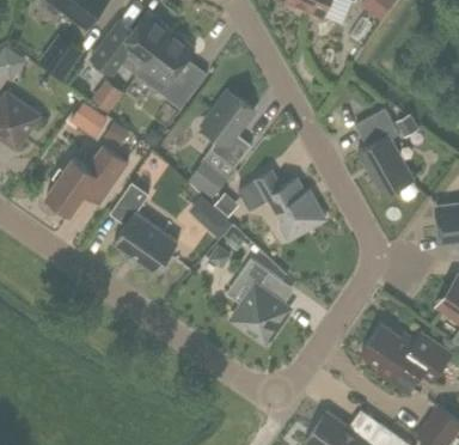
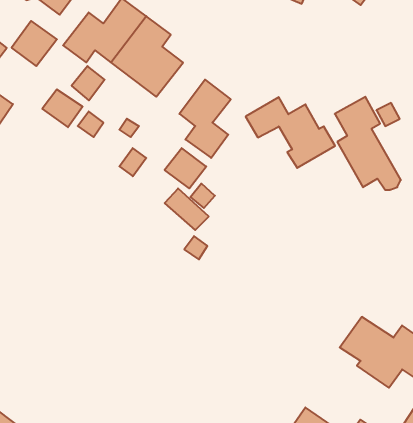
building: [45,145,128,213] -> none
building: [238,171,325,240] -> [246,97,335,168]
building: [110,182,178,273] -> none
building: [232,258,289,342] -> none

